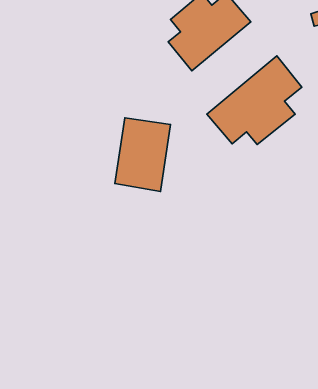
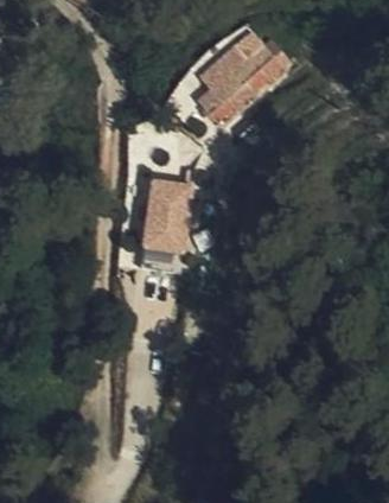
building: [207,56,302,145] -> none

